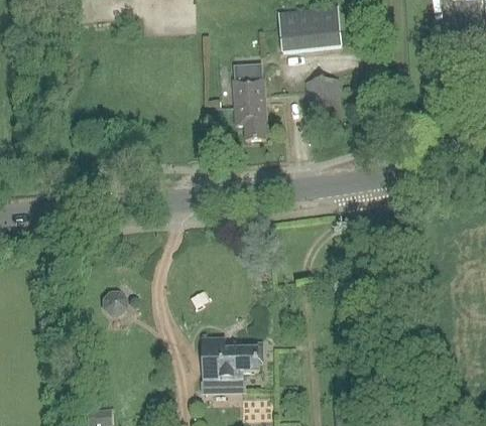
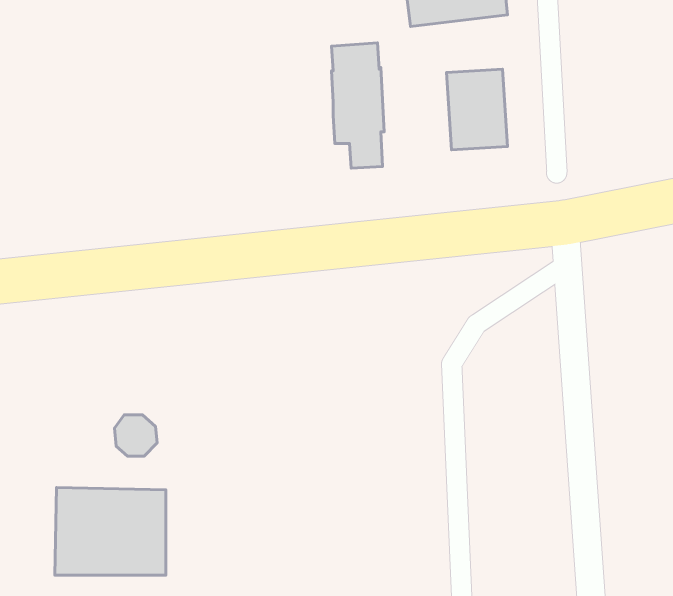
building: none -> [55,488,166,575]
building: [203,337,259,381] -> none

